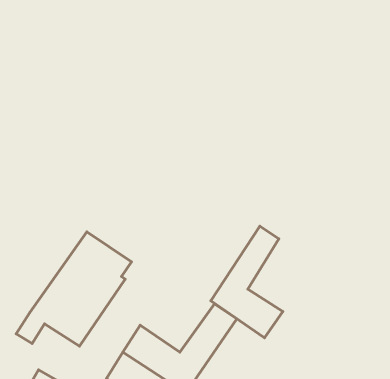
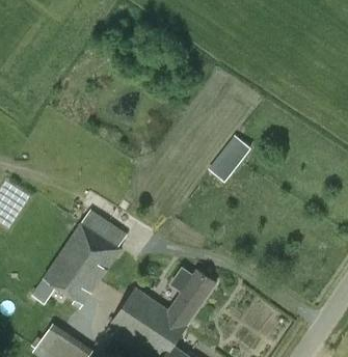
building: none -> [208,134,251,182]
building: [211,226,283,338] -> none

